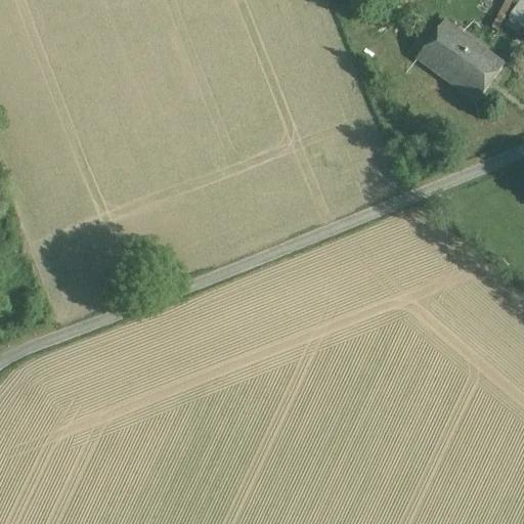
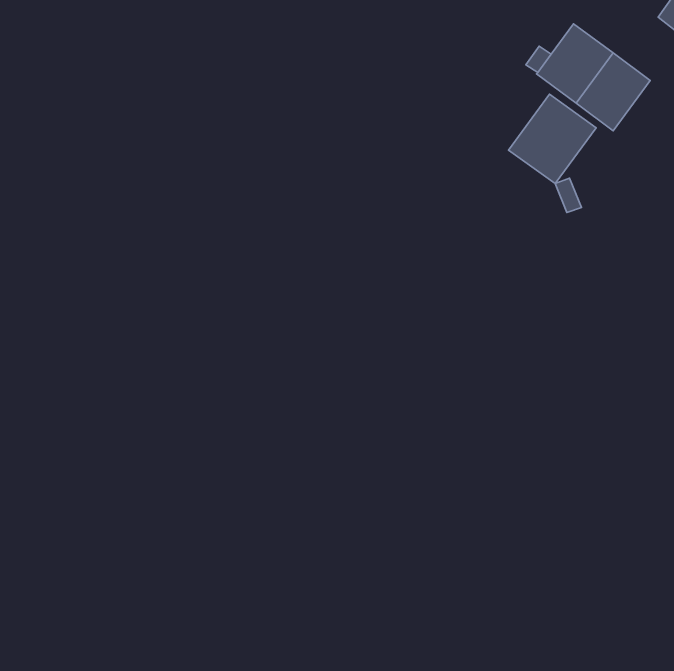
building: none -> [509,94,596,184]

